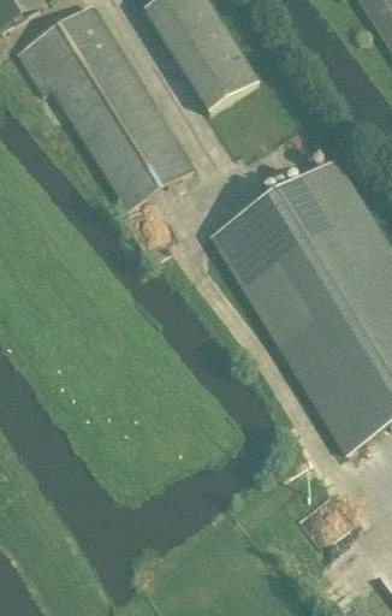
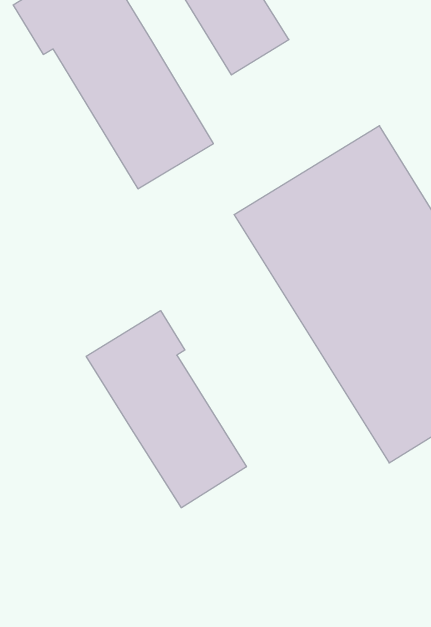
building: none -> [86,311,246,508]

